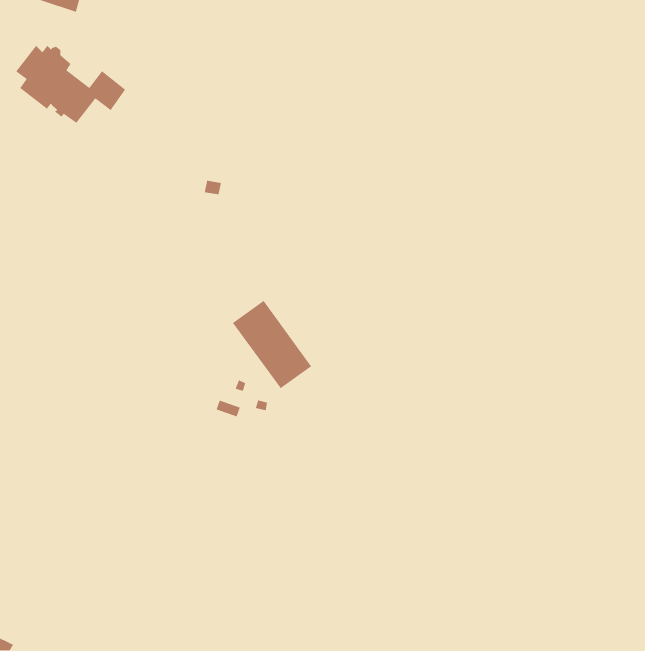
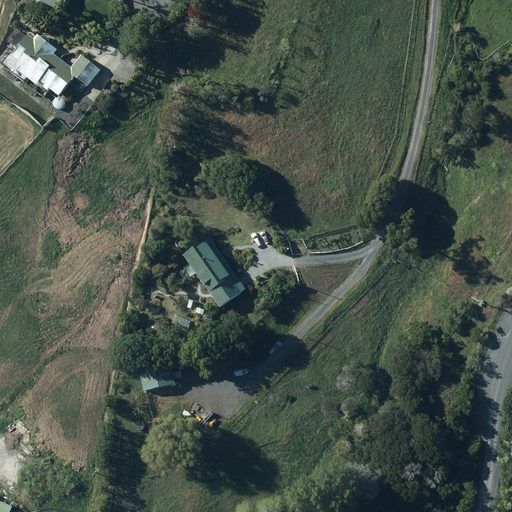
building: none -> [136,365,175,390]

